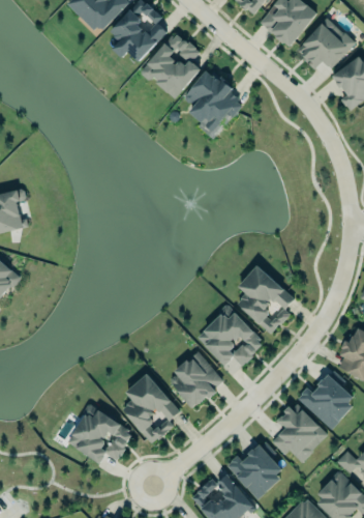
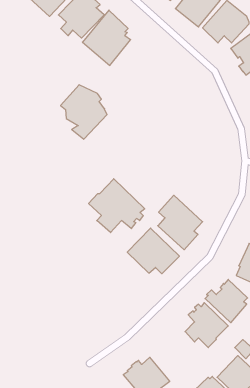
building: [181,65,241,136] -> [61,85,107,139]
building: none -> [89,179,145,233]
building: [166,352,224,409] -> none
building: [122,373,179,443] -> none
building: [66,404,133,463] -> none
building: [229,443,282,498] -> none

